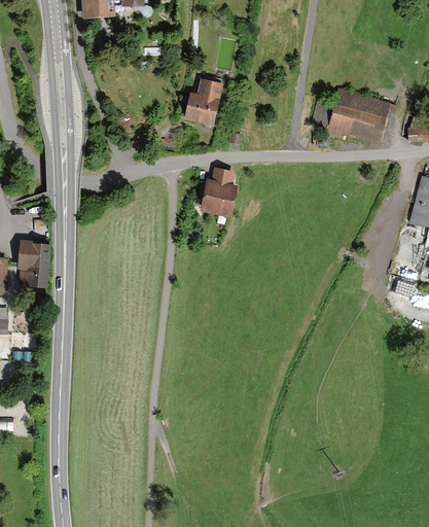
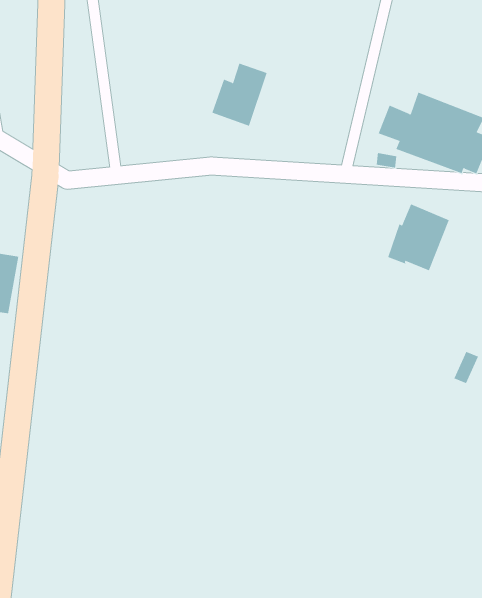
building: [200,167,238,218] -> none
building: none -> [388,203,449,271]

